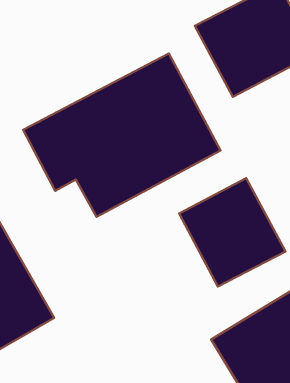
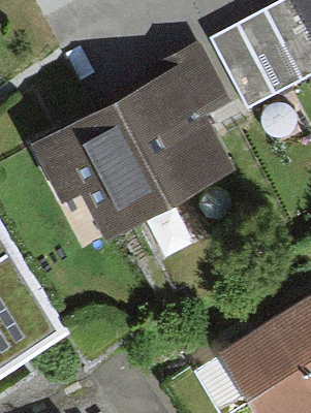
building: [179,178,285,286] -> none

